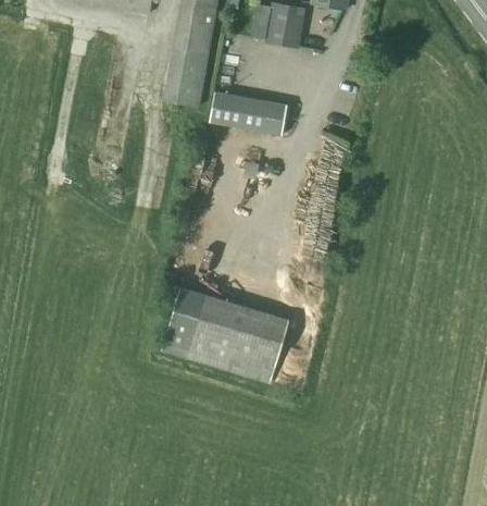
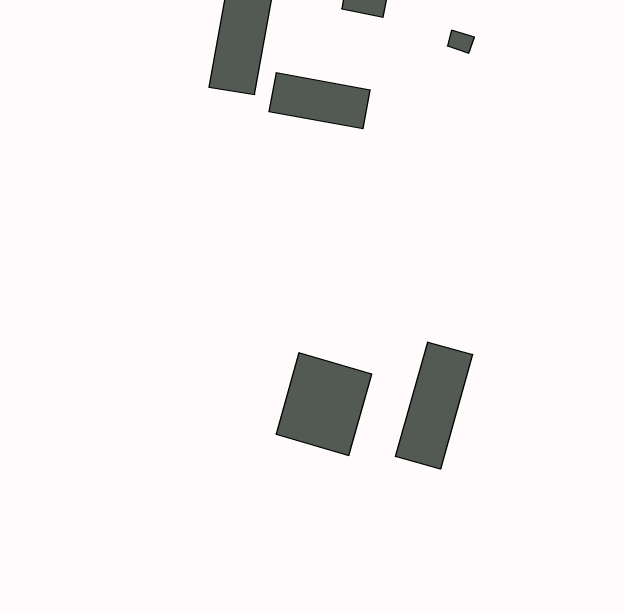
building: [161,287,233,365] -> none
building: none -> [396,342,473,469]

